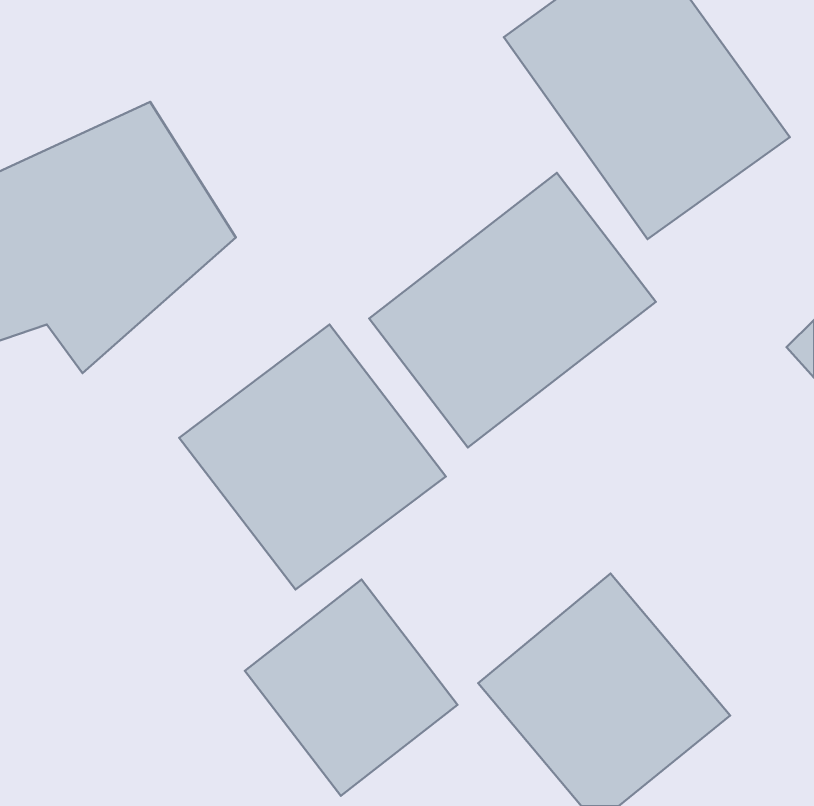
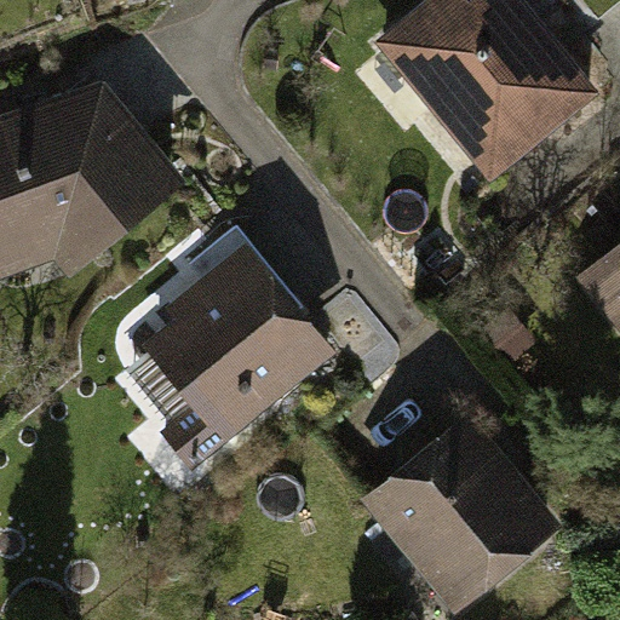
building: [369,173,656,447] -> none
building: [245,580,458,796] -> none

